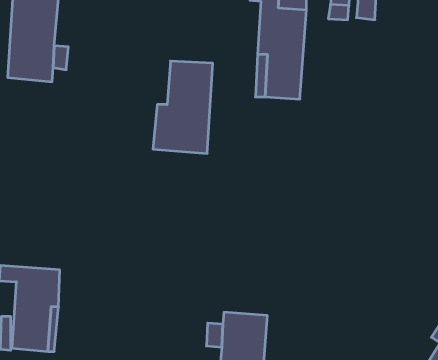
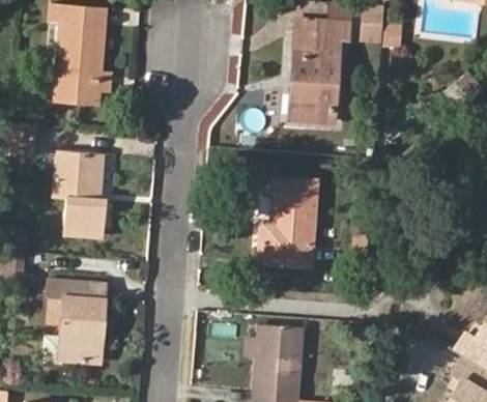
building: [153,61,213,153] -> [258,178,315,266]
building: none -> [57,151,107,236]

